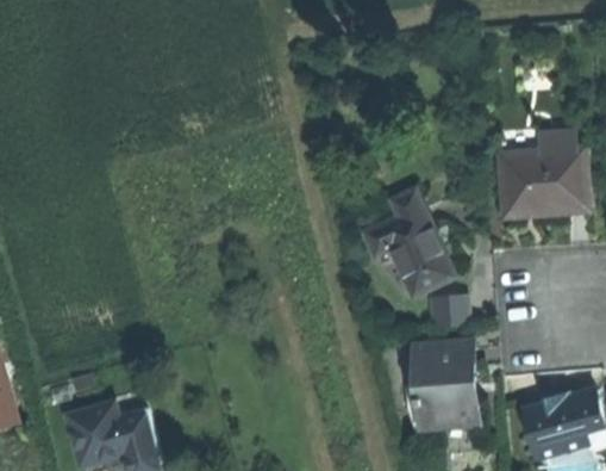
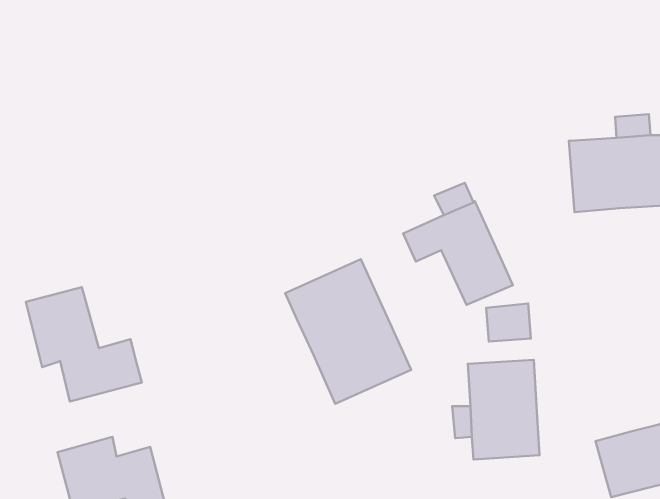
building: none -> [285,259,411,404]
building: none -> [26,287,142,402]

